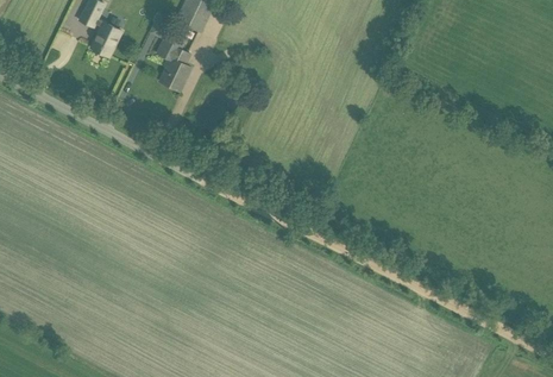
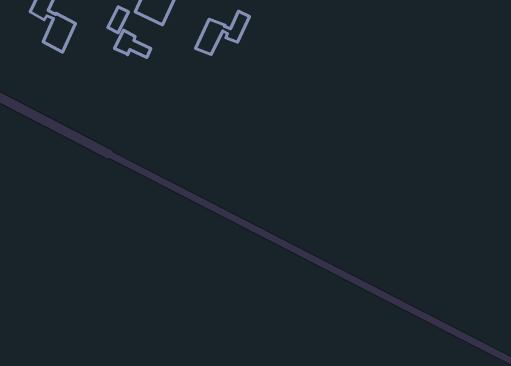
building: none -> [195,11,249,55]
building: [159,55,190,90] -> none

